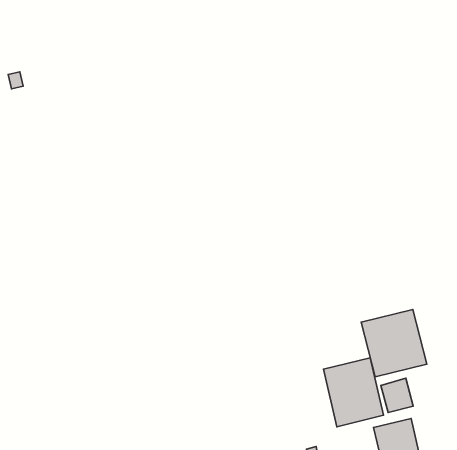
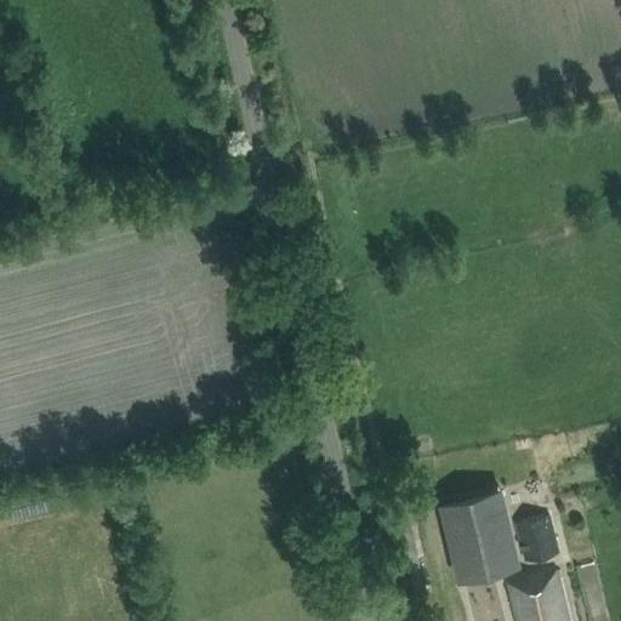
building: [361,310,427,377] -> none

